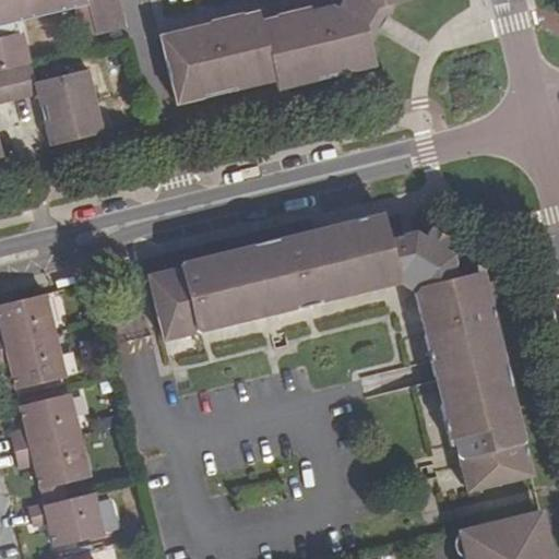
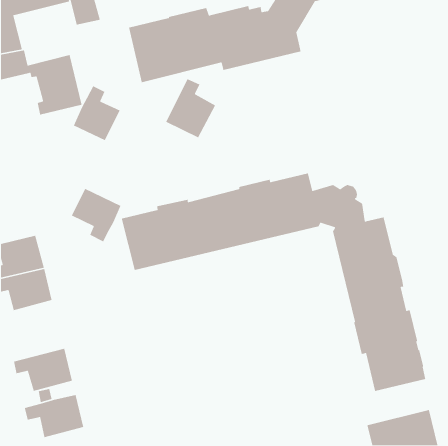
building: none -> [165,78,216,139]
building: none -> [73,85,121,141]
building: none -> [71,188,121,242]
building: [11,392,81,450] -> none

